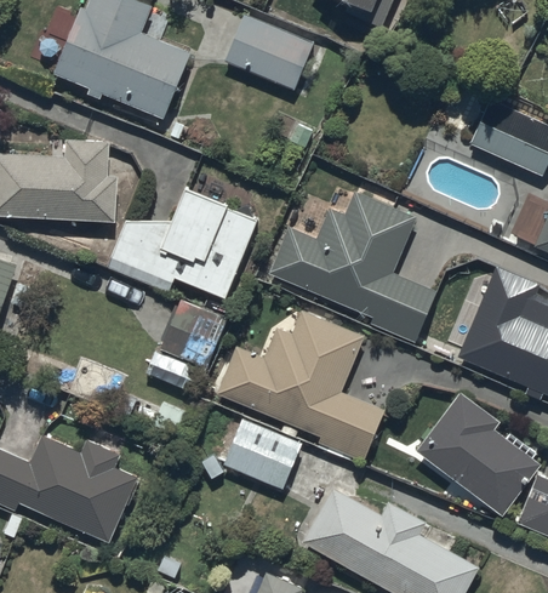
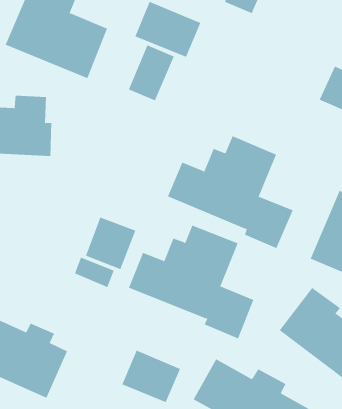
building: none -> [128,44,175,101]
building: [105,189,256,298] -> none
building: [222,420,301,490] -> [122,350,181,403]

